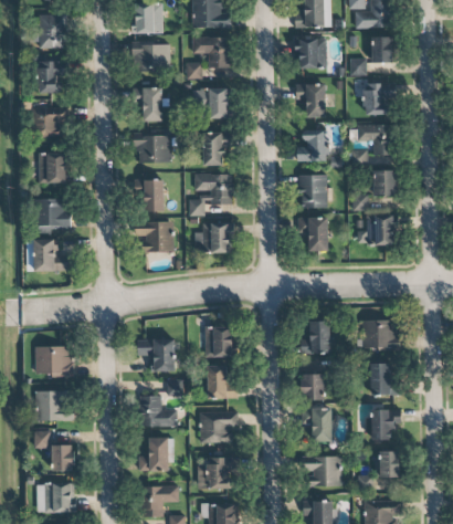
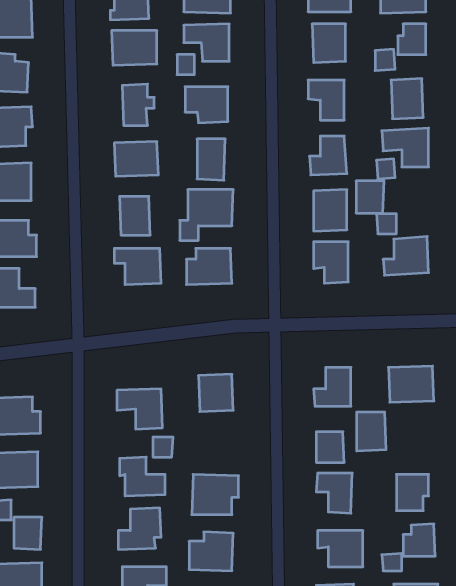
building: [373,169,397,196] -> [356,181,384,213]
building: [370,363,394,395] -> [357,412,386,451]
building: [207,364,229,398] -> none

